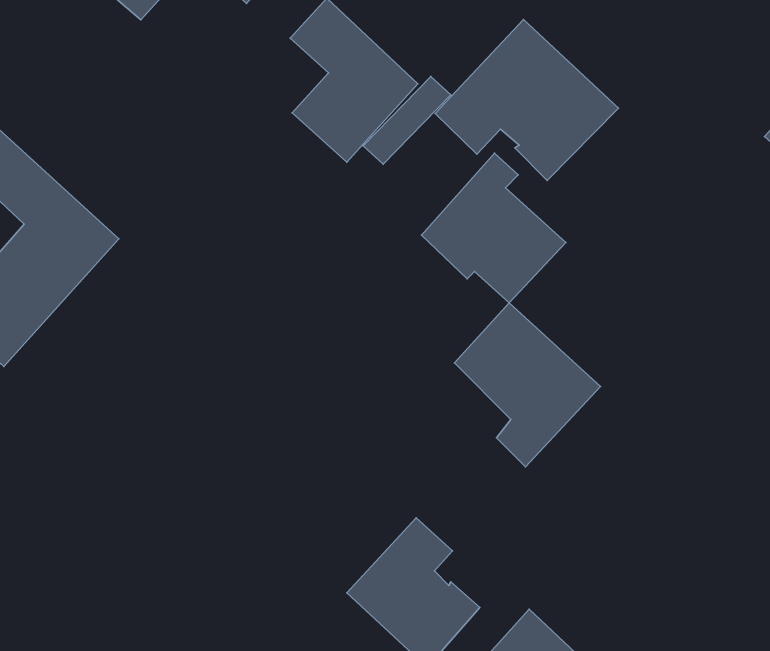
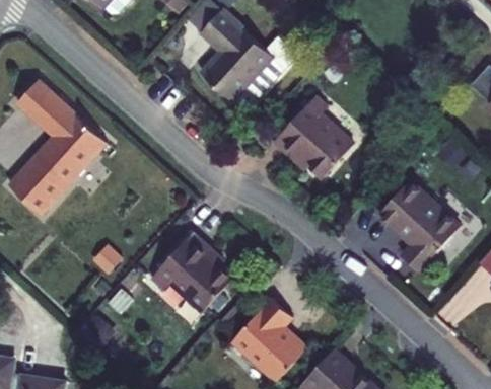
building: [435,19,618,180] -> none
building: [454,303,600,467] -> [378,180,460,271]
building: none -> [150,233,232,312]

